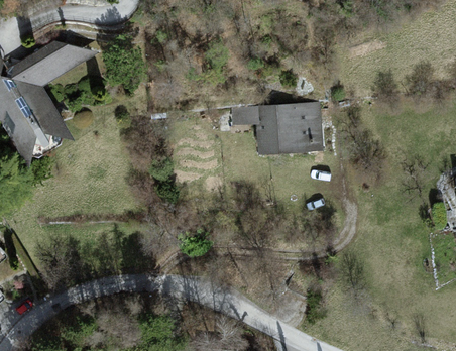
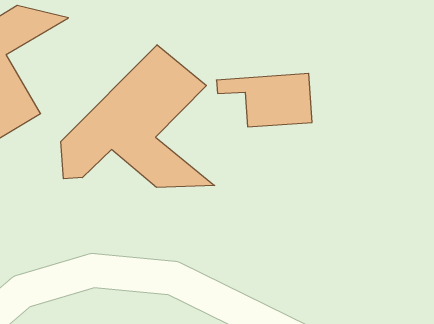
building: none -> [61,45,215,187]

